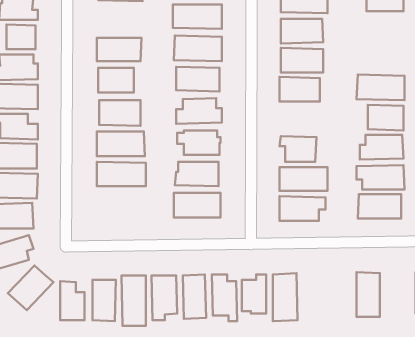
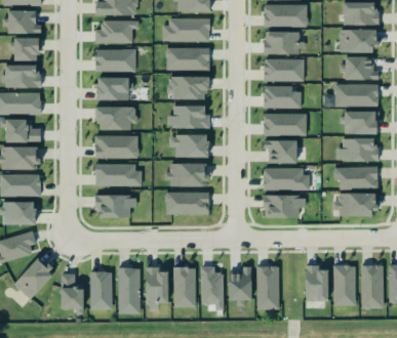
building: none -> [95,19,140,44]
building: none -> [341,29,378,51]
building: none -> [346,56,379,80]
building: none -> [264,113,307,135]
building: none -> [96,195,137,217]
building: none -> [361,264,384,308]
building: none -> [306,265,328,301]

